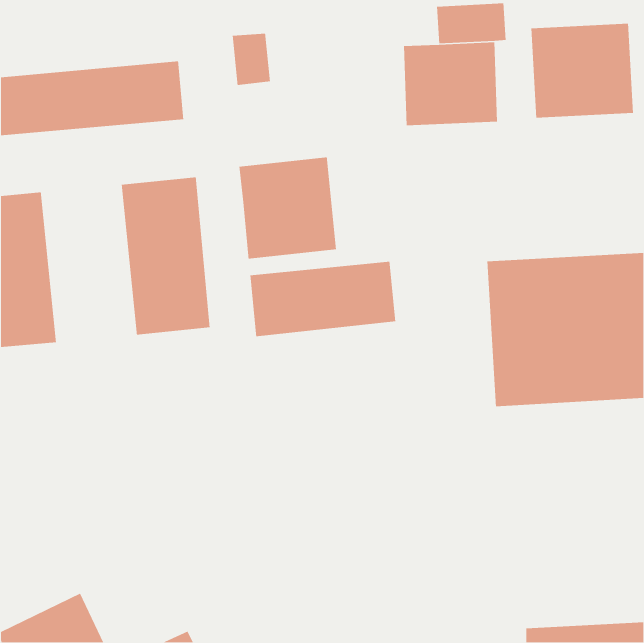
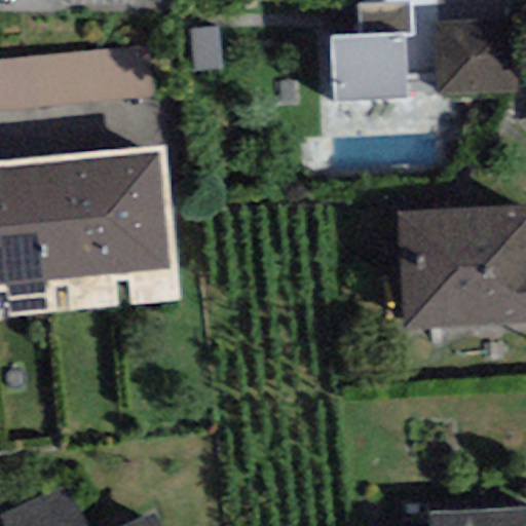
building: [239,157,337,259] -> none
building: none -> [34,150,111,279]
building: [249,261,396,337] -> none

